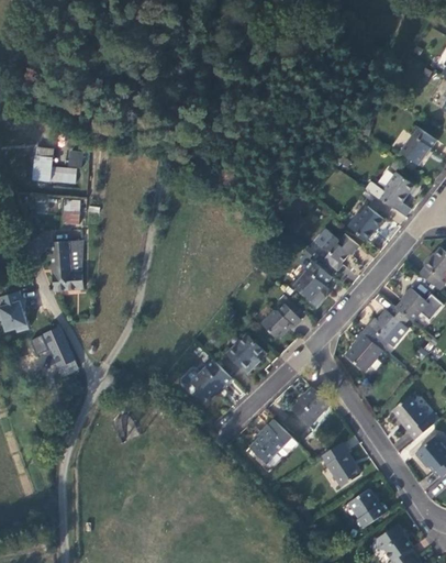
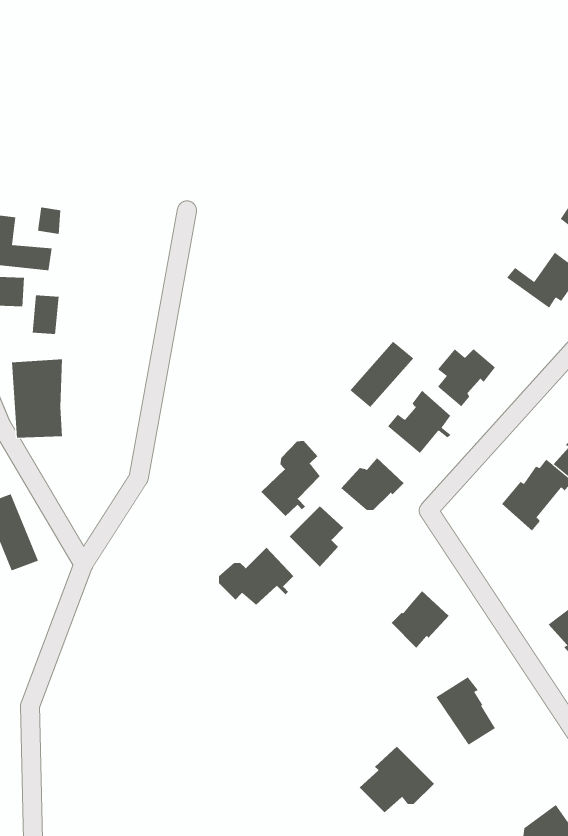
building: [348,207,383,241] -> none
building: none -> [349,341,414,408]
building: none -> [261,440,320,517]
building: [345,332,382,372] -> none
building: [250,420,299,463] -> [359,746,435,813]
building: [349,489,389,530] -> none

